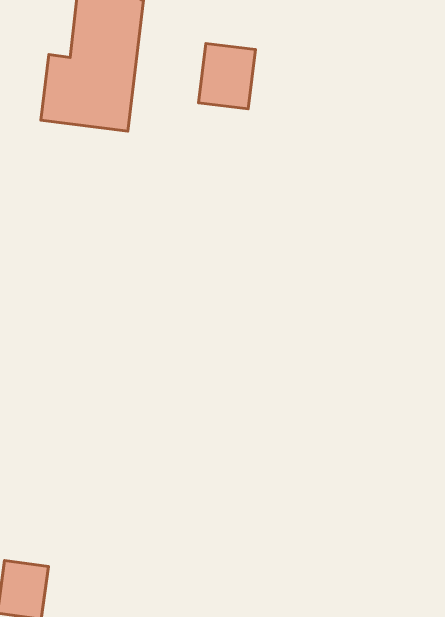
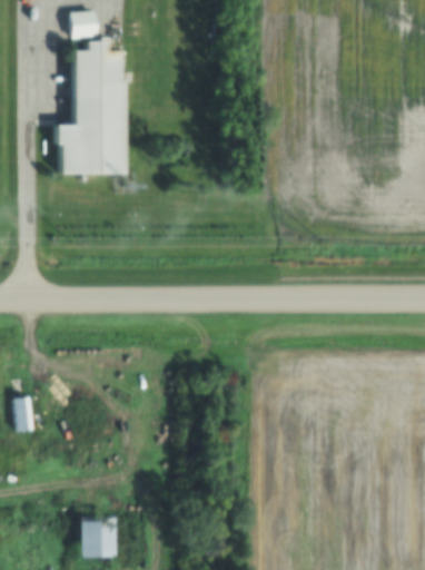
building: [199,43,255,109] -> none

